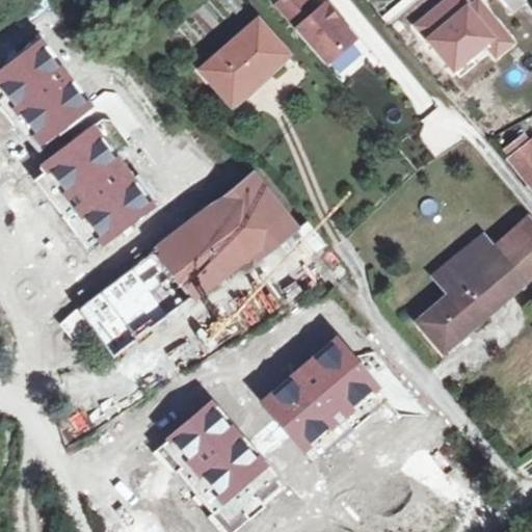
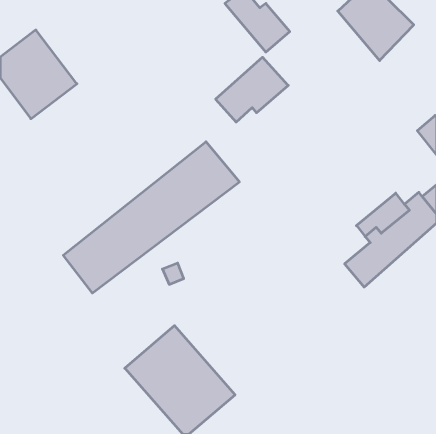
building: [201,19,289,98] -> [216,57,288,122]
building: [38,125,155,244] -> none
building: [261,335,385,456] -> none

